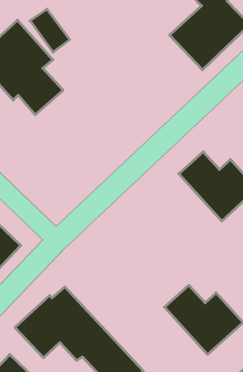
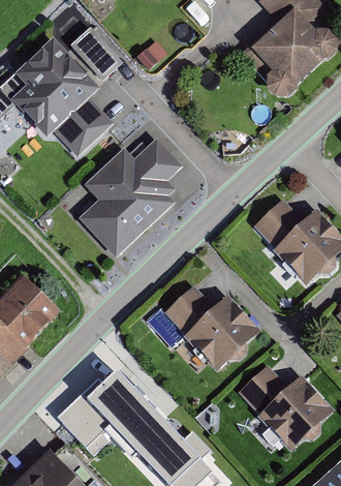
building: none -> [81,138,183,259]
building: none -> [163,284,258,368]

